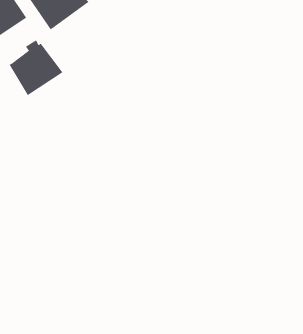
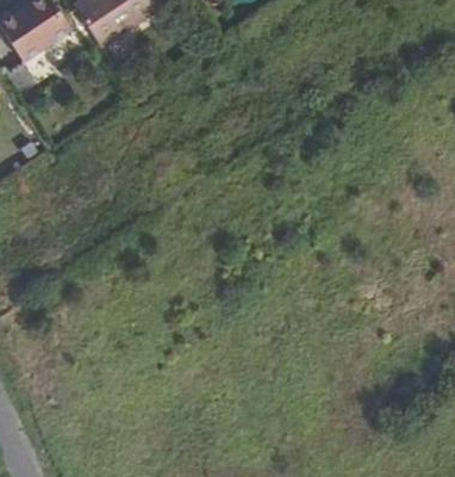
building: [9,39,64,96] -> none

